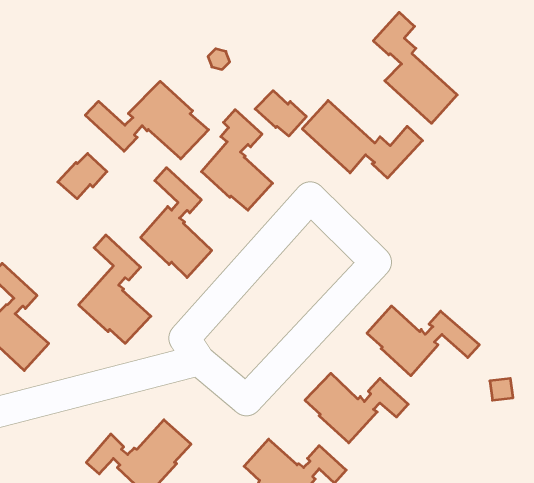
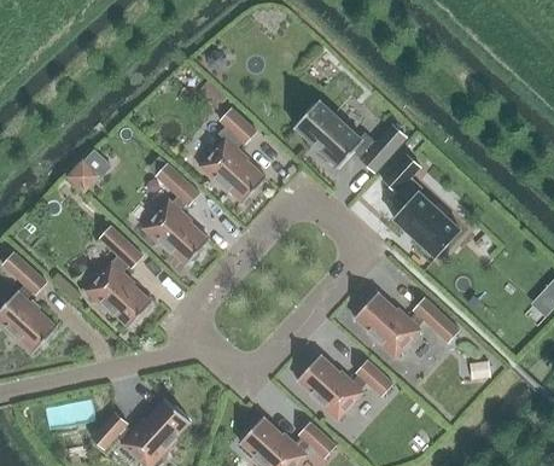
building: [373,12,457,123] -> [381,153,460,257]
building: [85,81,209,159] -> none
building: [255,91,306,136] -> none

